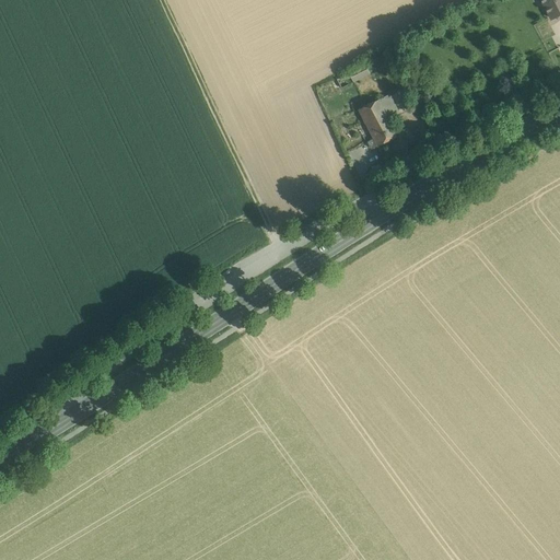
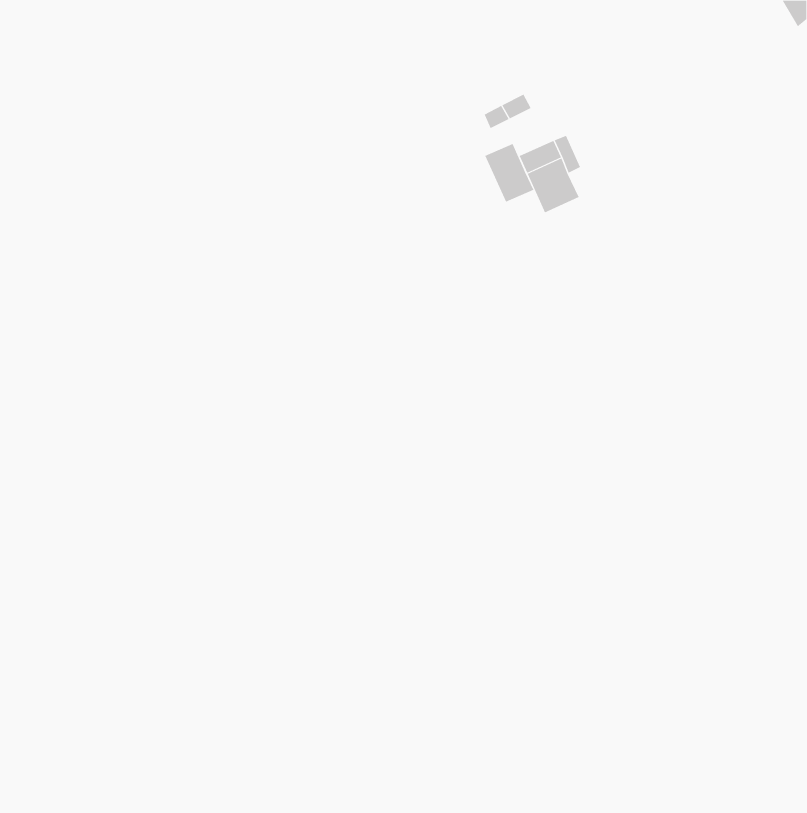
building: none -> [484,143,534,202]

